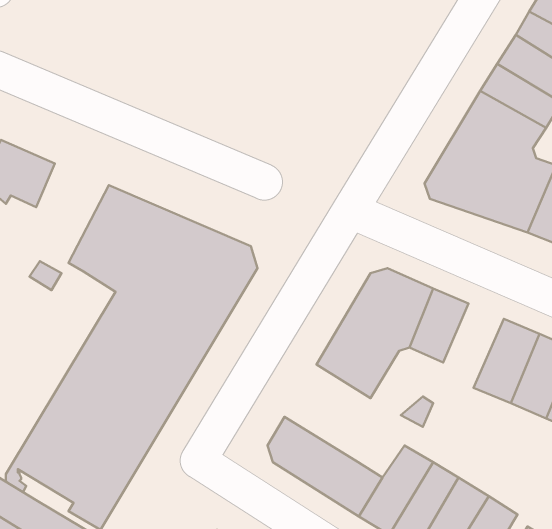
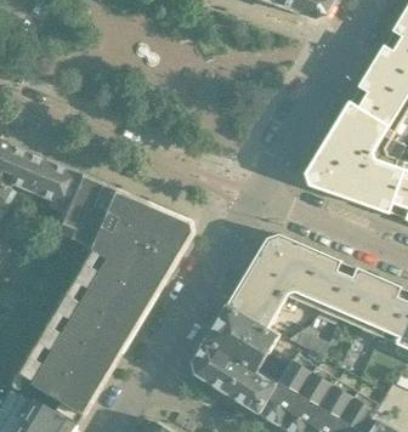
building: none -> [28,160,79,214]
building: none -> [317,261,364,322]
building: none -> [206,306,279,374]

